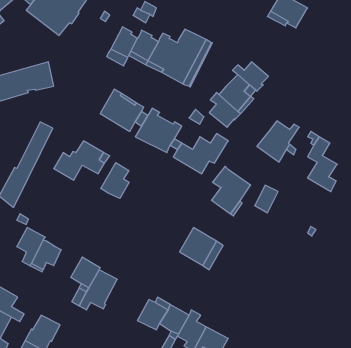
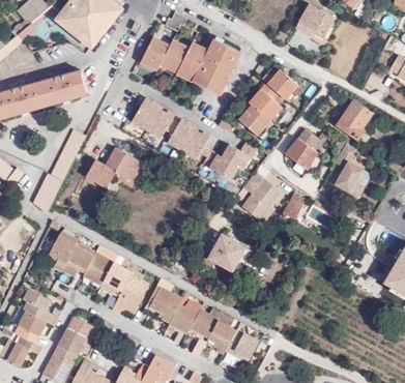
building: none -> [336,101,371,139]
building: [101,163,129,198] -> none
building: none -> [83,253,114,286]
building: none -> [146,285,181,322]

